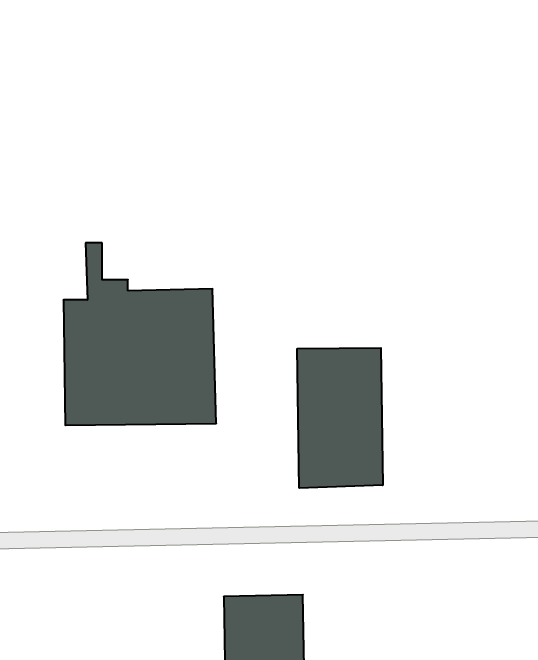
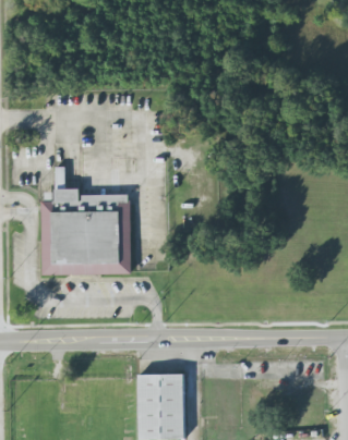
building: [297,348,383,488] -> none

